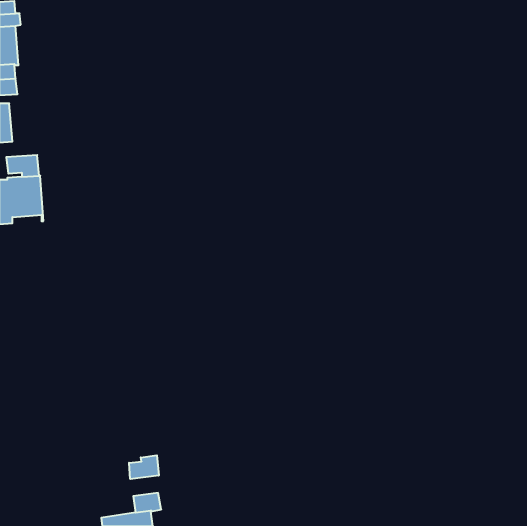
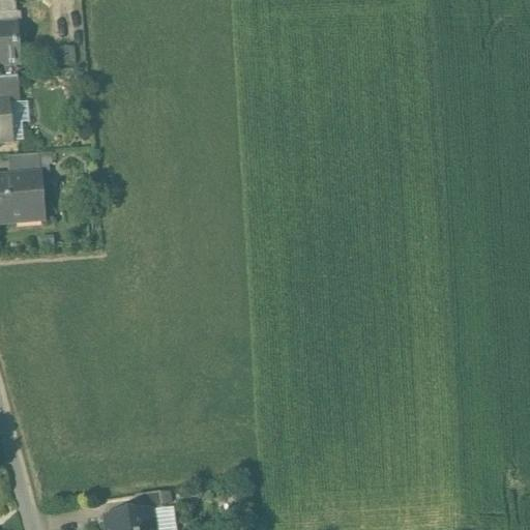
building: [129,455,159,479] -> none

